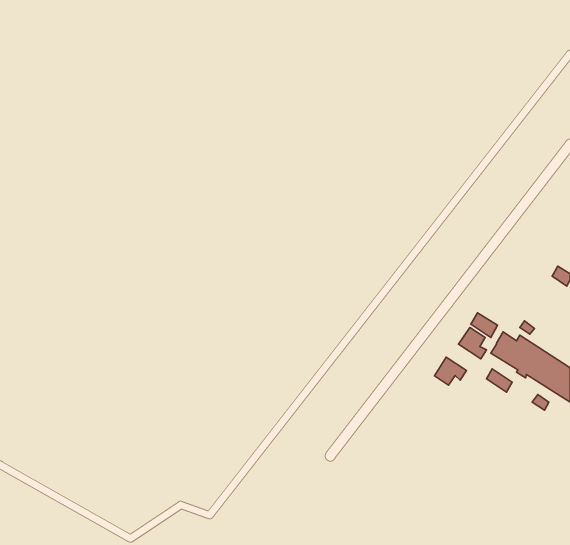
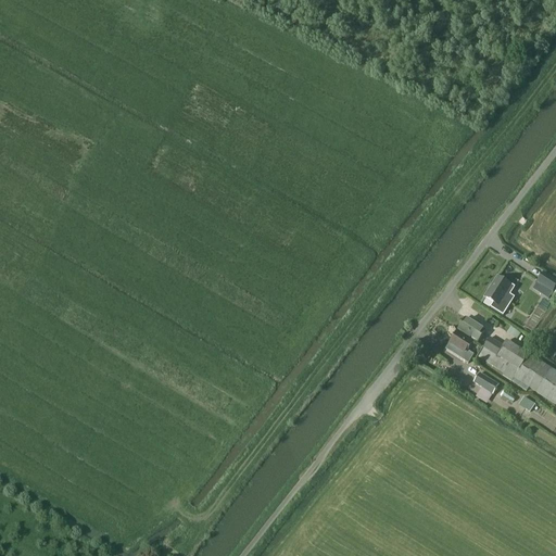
building: none -> [484,276,515,315]
building: [434,357,467,385] -> none

